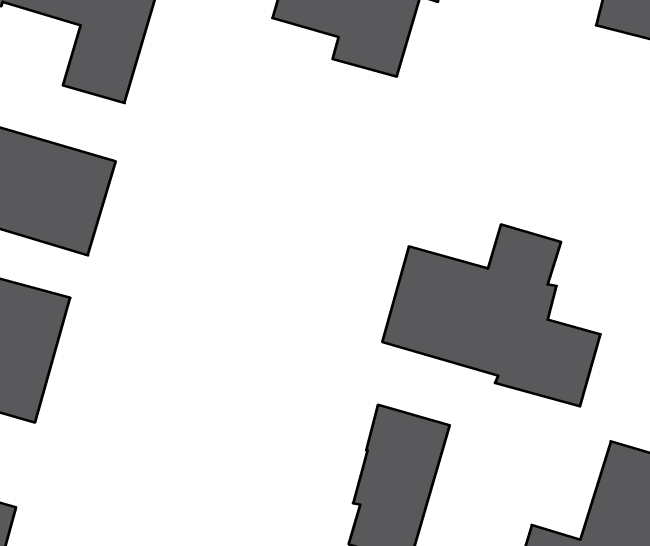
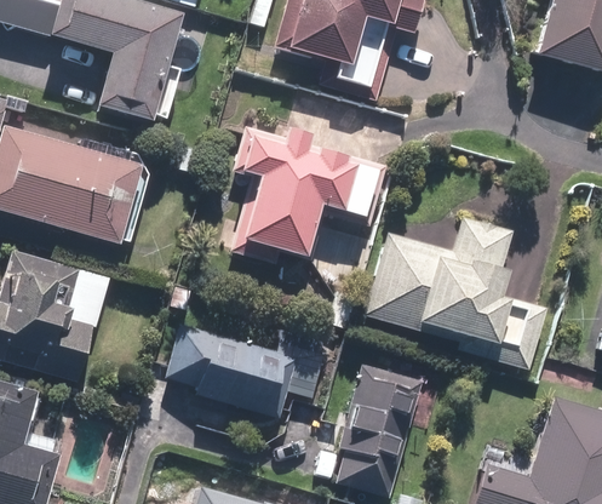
building: none -> [229,126,385,262]
building: none -> [165,323,322,418]

